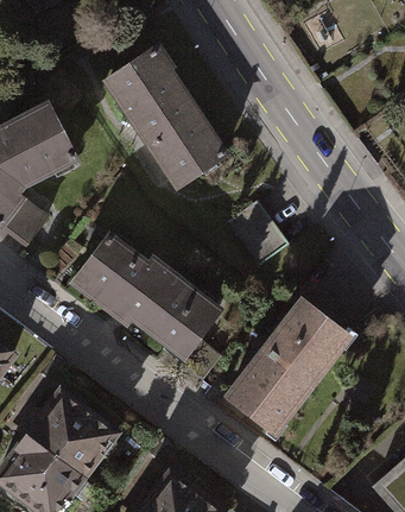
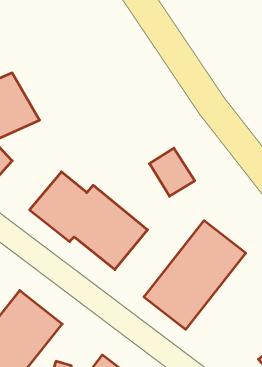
building: [102,48,227,188] -> none

